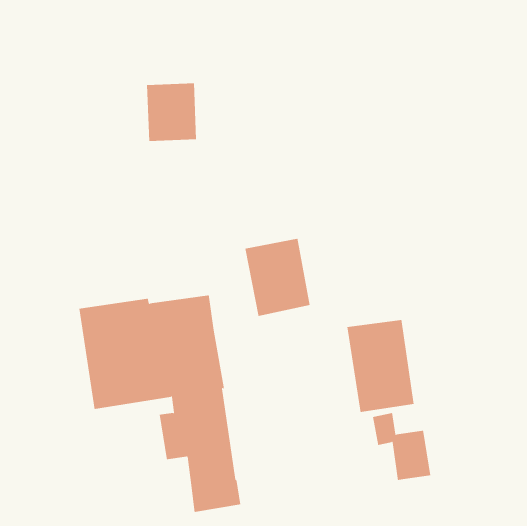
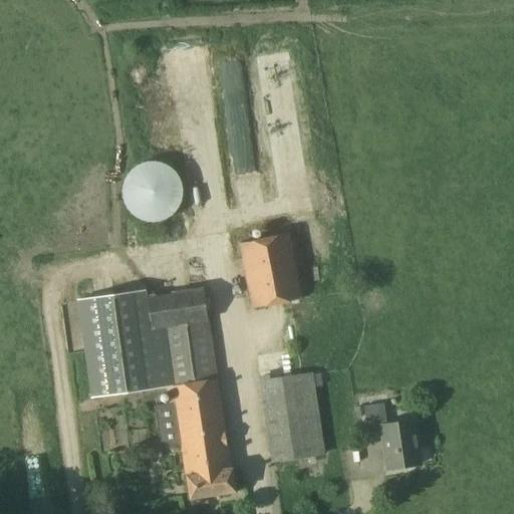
building: [146,83,197,141] -> [127,160,177,217]
building: [347,320,415,412] -> [258,371,324,462]

